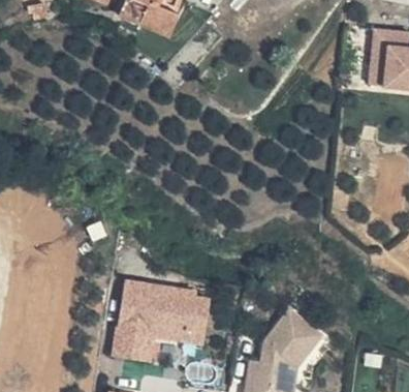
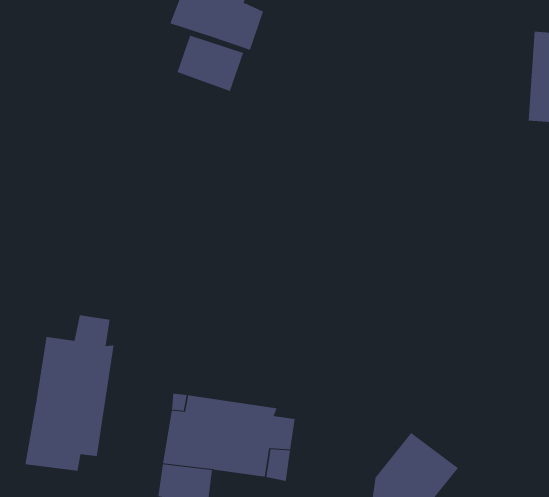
building: none -> [177,35,244,92]
building: none -> [25,314,114,472]

